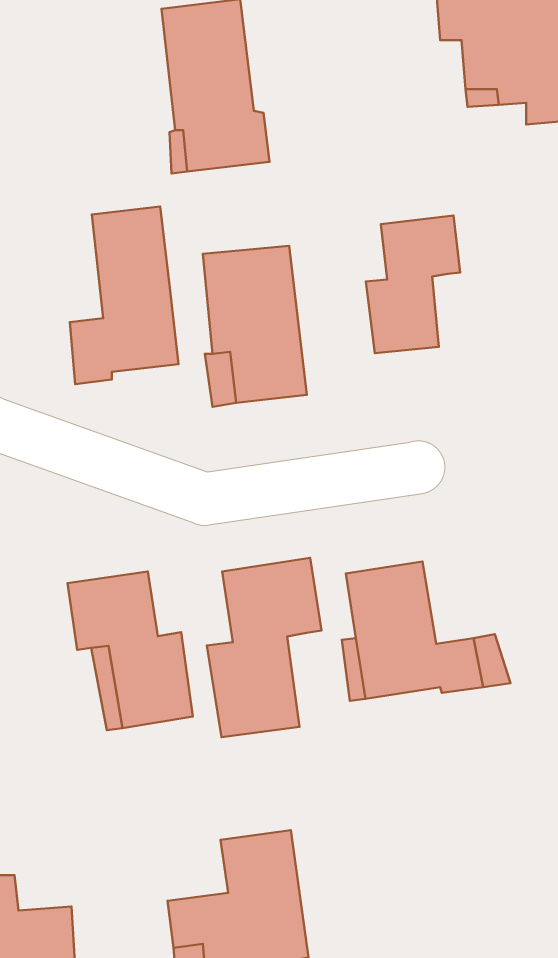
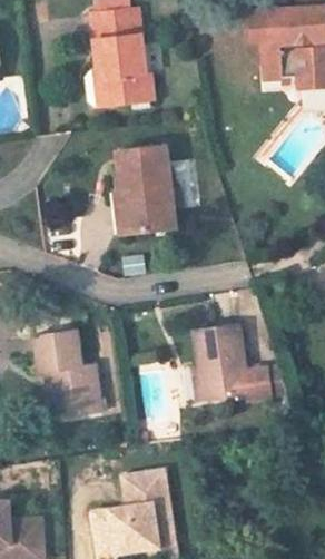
building: [70,206,178,384] -> none
building: [366,216,460,353] -> none
building: [207,558,321,737] -> none

